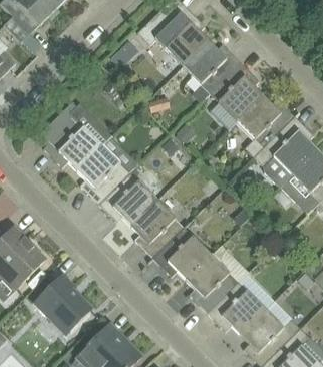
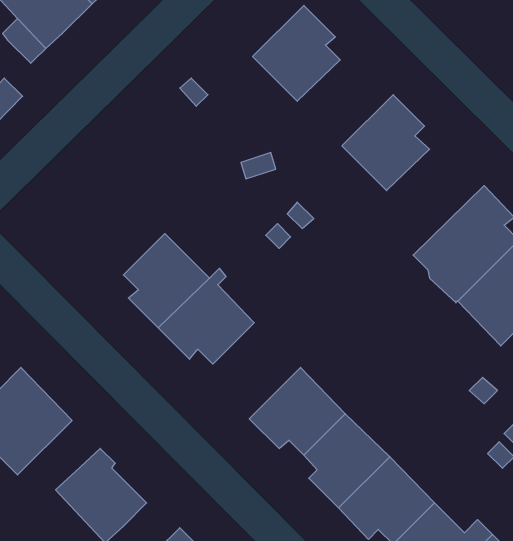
building: [183,40,241,92] -> none
building: [237,94,296,158] -> none
building: [44,101,102,170] -> none
building: [131,200,185,258] -> none

